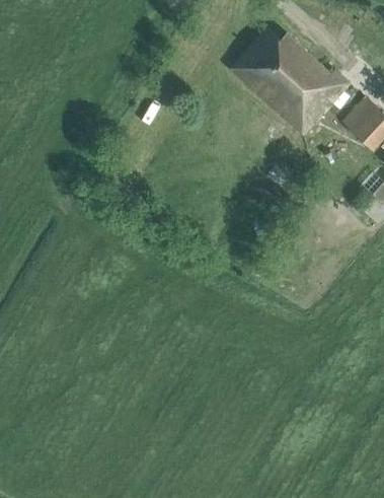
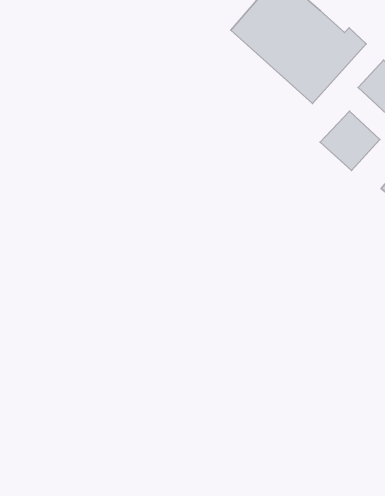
building: none -> [320,111,380,170]

